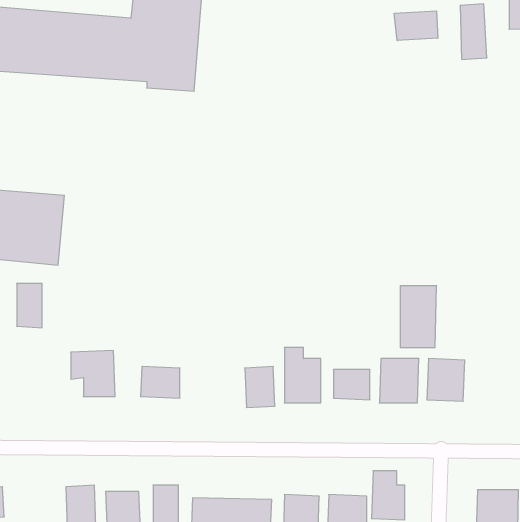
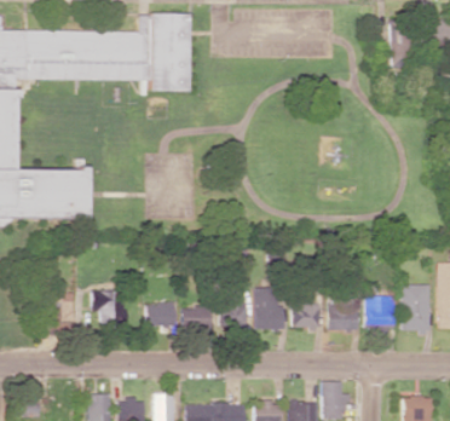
building: [394,11,438,41] -> none
building: [17,283,42,328] -> [54,292,74,325]
building: [400,286,437,348] -> [402,283,429,330]
building: none -> [183,306,212,327]

